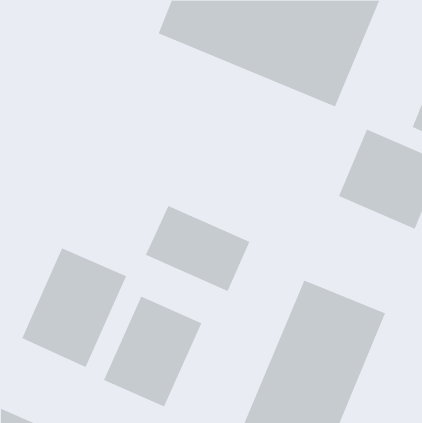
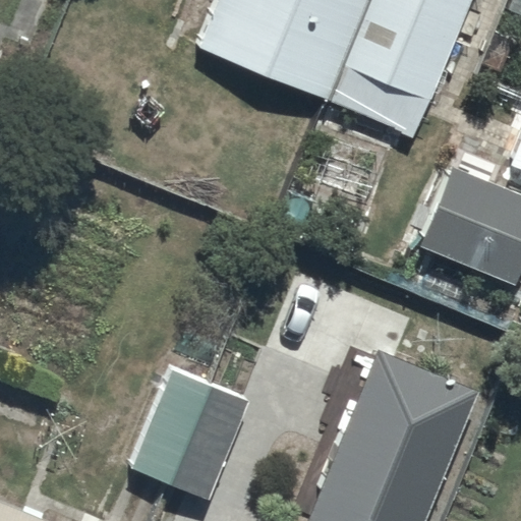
building: [145,205,250,292] -> none
building: [21,247,127,368] -> none

